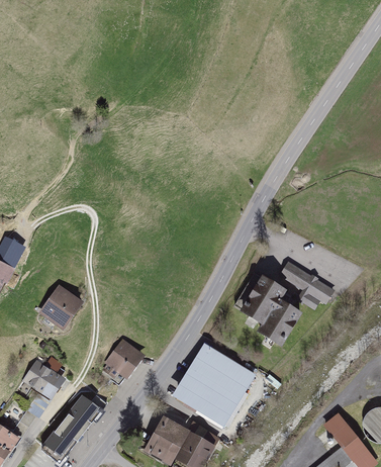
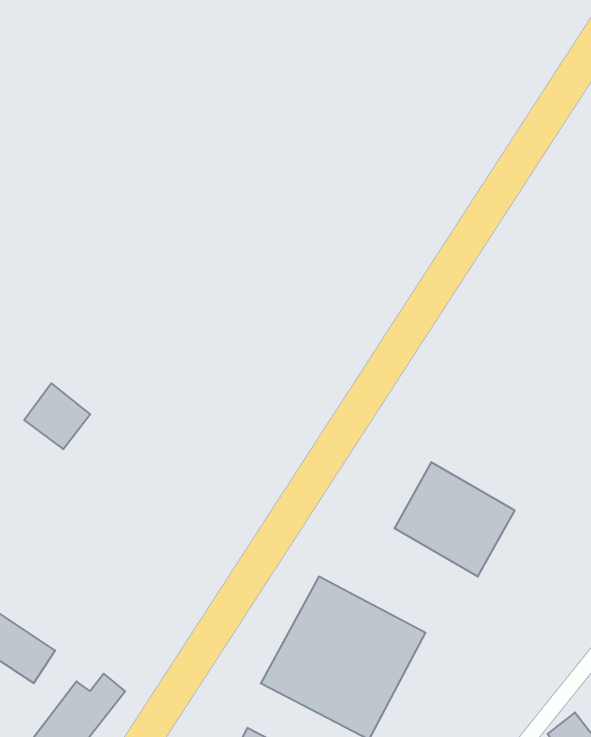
building: [275,261,324,301] -> none
building: [49,289,83,323] -> [24,383,90,449]
building: [108,345,142,379] -> none

